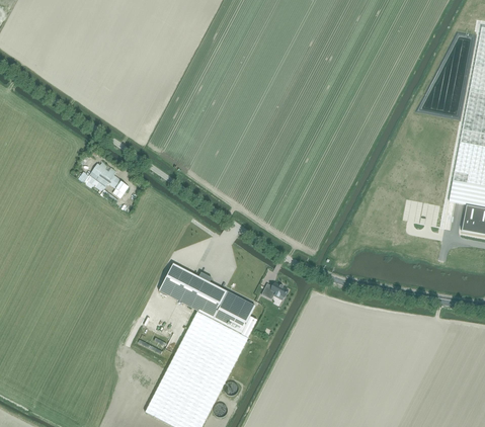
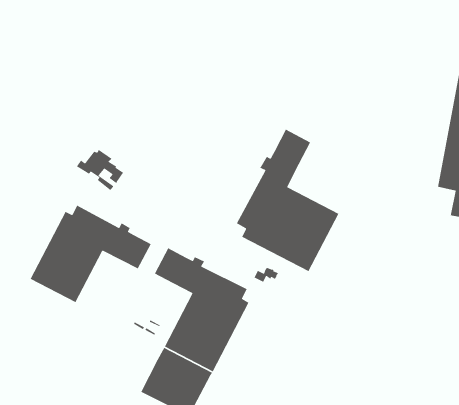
building: none -> [236,129,340,272]
building: none -> [30,205,152,303]

